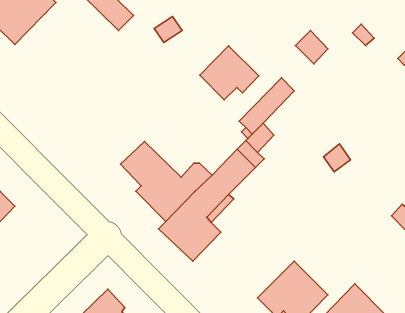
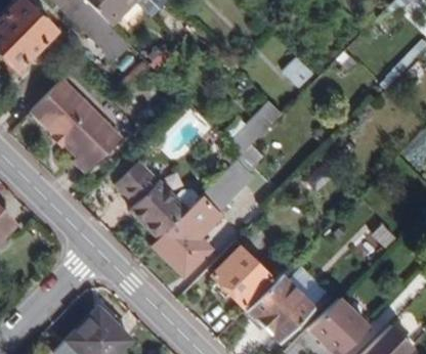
building: [200,46,259,100] -> none
building: none -> [33,74,123,167]
building: none -> [213,248,272,307]

